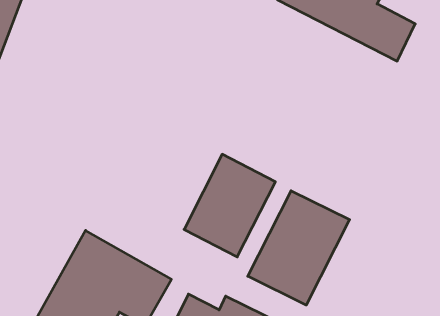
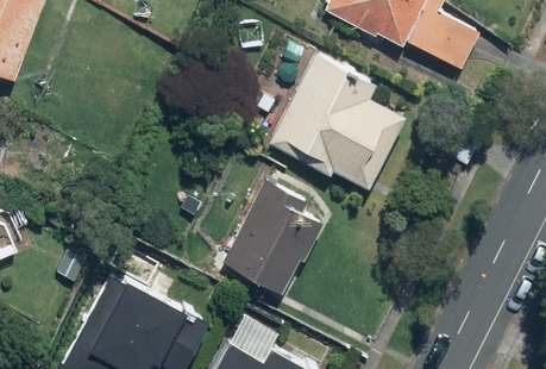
building: none -> [270,55,402,193]
building: [248,191,350,305] -> none

